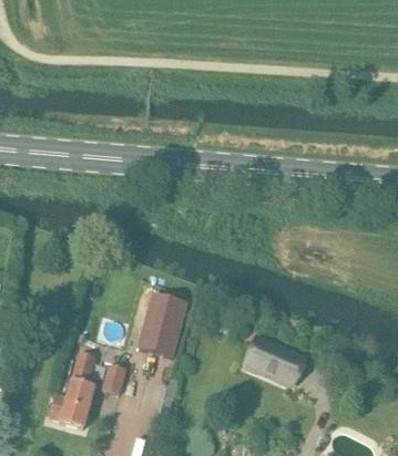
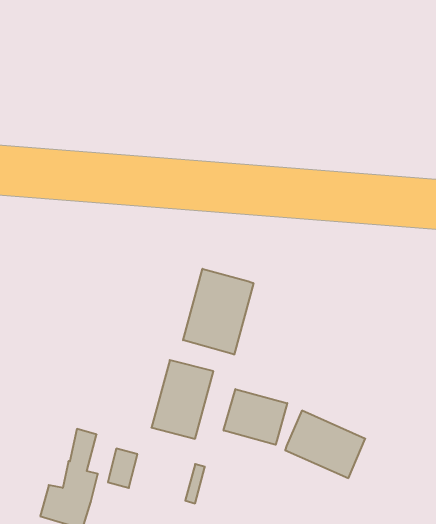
building: none -> [183,269,253,355]
building: none -> [224,389,287,445]

